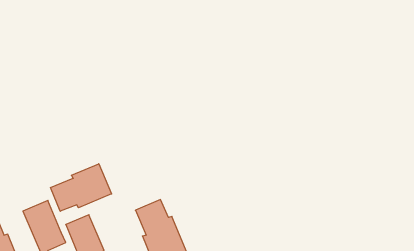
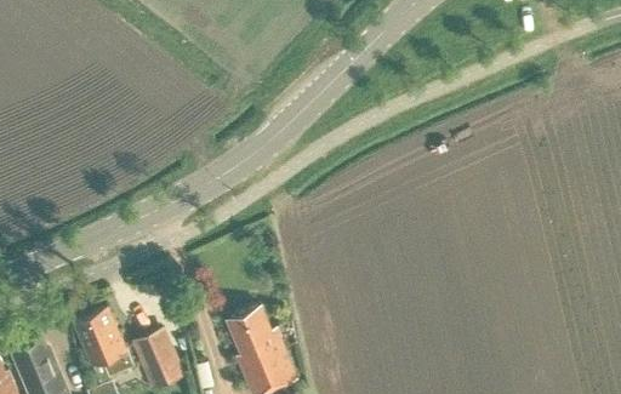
building: [51,164,112,211] -> none

